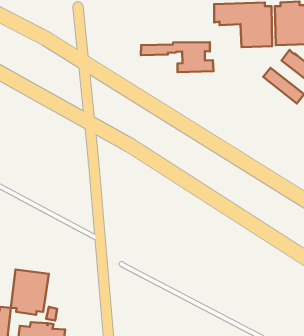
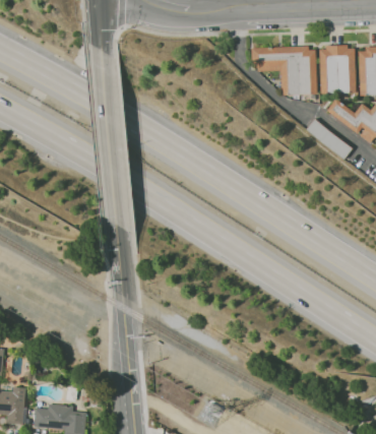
building: [141,42,213,72] -> none
building: [11,270,49,315] -> none

